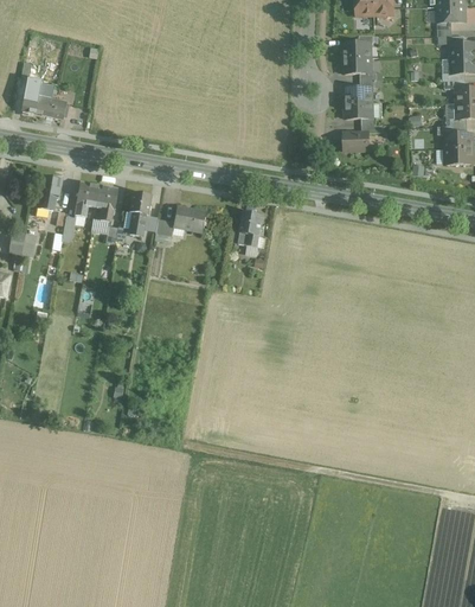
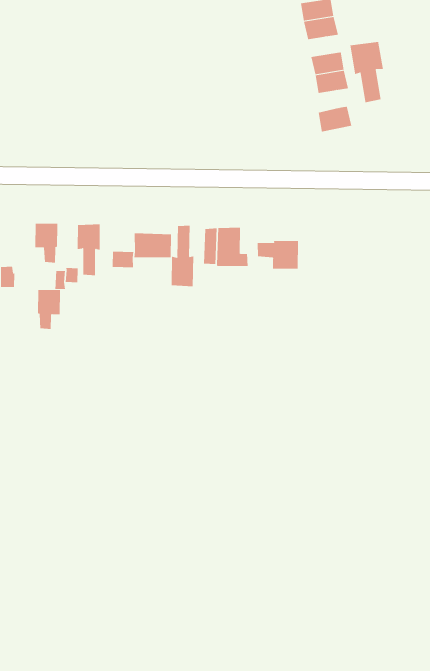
building: none -> [350,41,383,103]
building: [76,183,98,217] -> [37,289,61,329]
building: none -> [171,225,194,287]
building: none -> [257,240,298,270]

